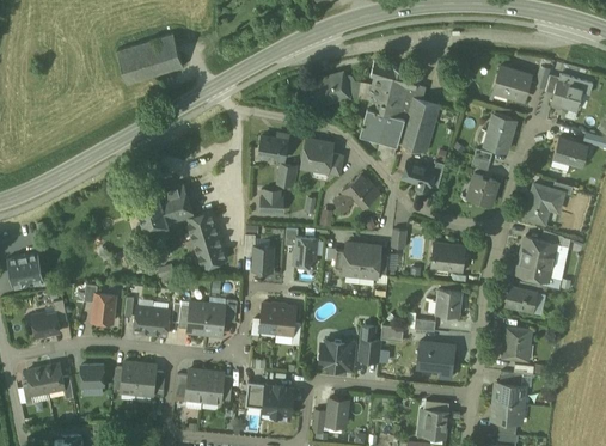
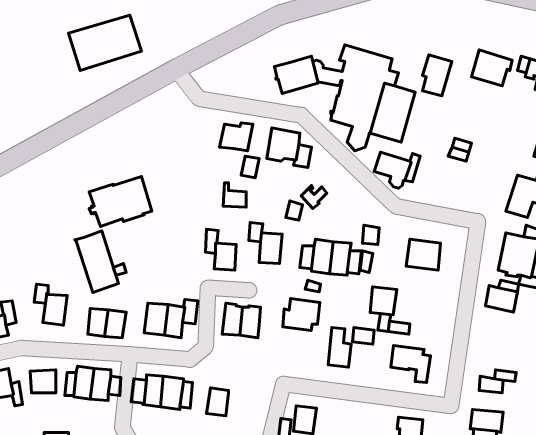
building: [488,114,515,152] -> [422,55,452,96]
building: [471,175,497,204] -> none
building: [342,176,379,207] -> none
building: [185,210,226,268] -> [75,231,118,292]
building: [436,289,461,316] -> [370,287,397,315]
building: [503,326,532,360] -> none
building: [319,340,354,369] -> [283,299,320,331]
building: [494,383,524,404] -> none
building: [263,384,293,415] -> none

